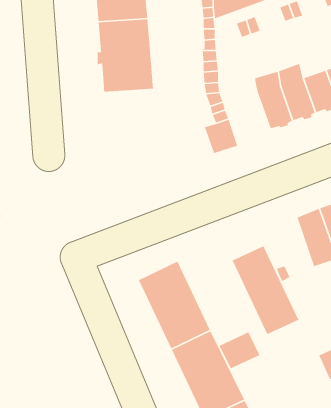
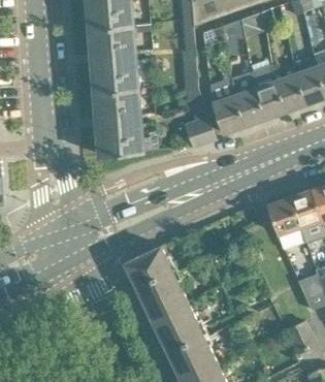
building: none -> [92,89,144,156]
building: none -> [213,93,245,132]
building: [231,245,300,335] -> none
building: [218,331,261,370] -> none

